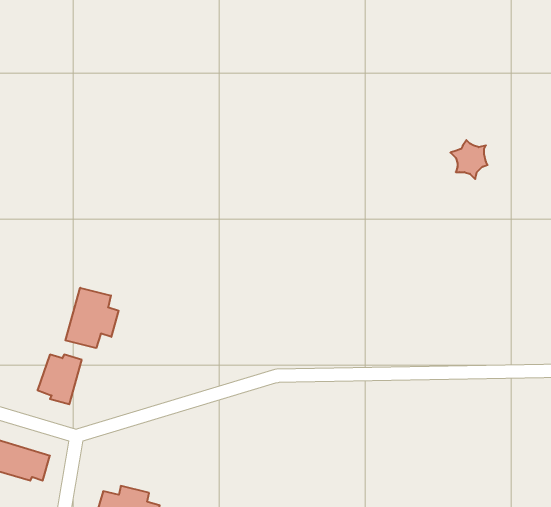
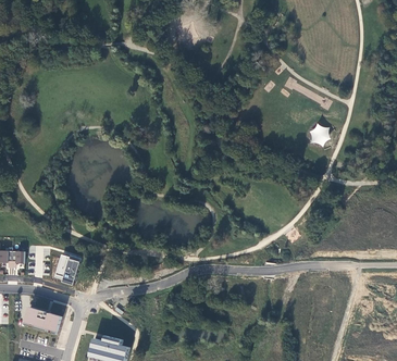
building: [65,288,119,348] -> none

